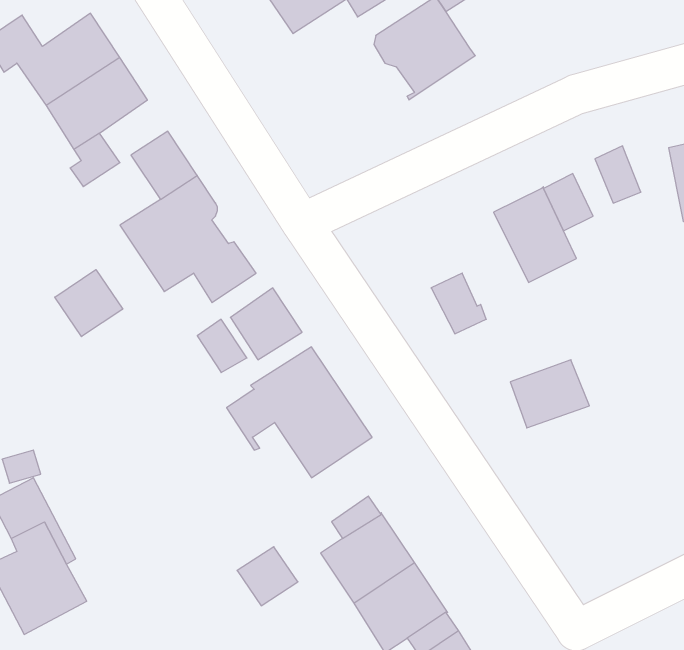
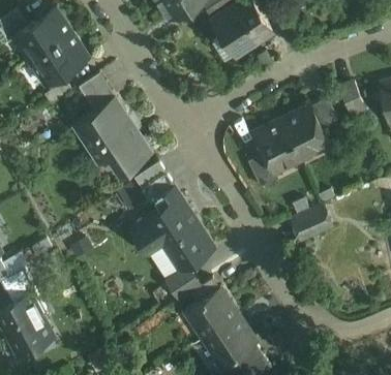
building: none -> [255,120,303,173]
building: [55,270,123,337] -> none
building: [237,547,298,606] -> [168,267,202,300]

